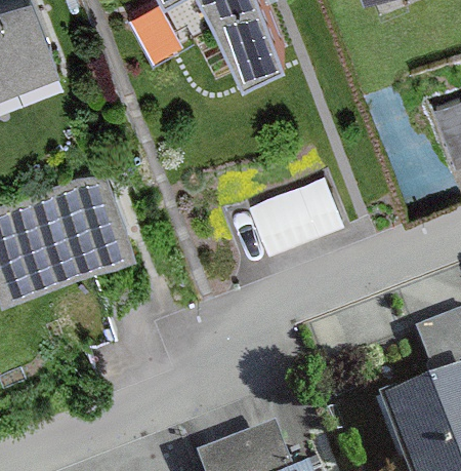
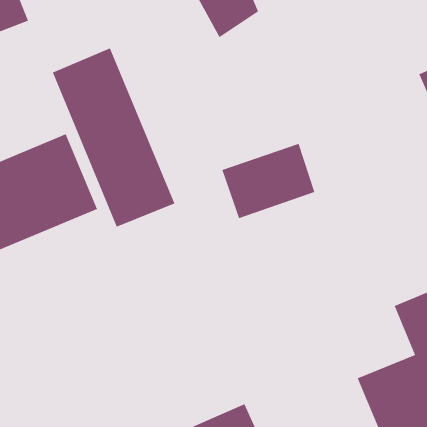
building: none -> [52,48,175,228]

